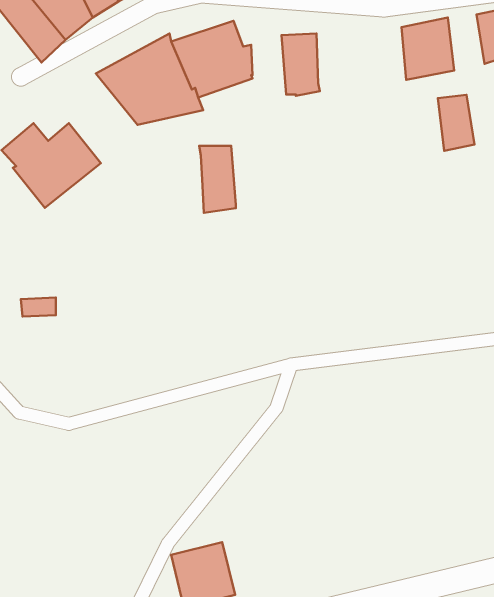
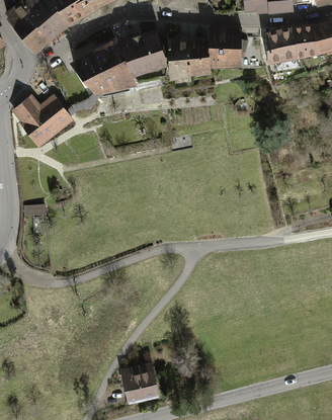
building: none -> [209,26,242,68]
building: [438,95,475,151] -> [293,24,316,60]
building: [199,146,236,213] -> [167,37,190,80]

